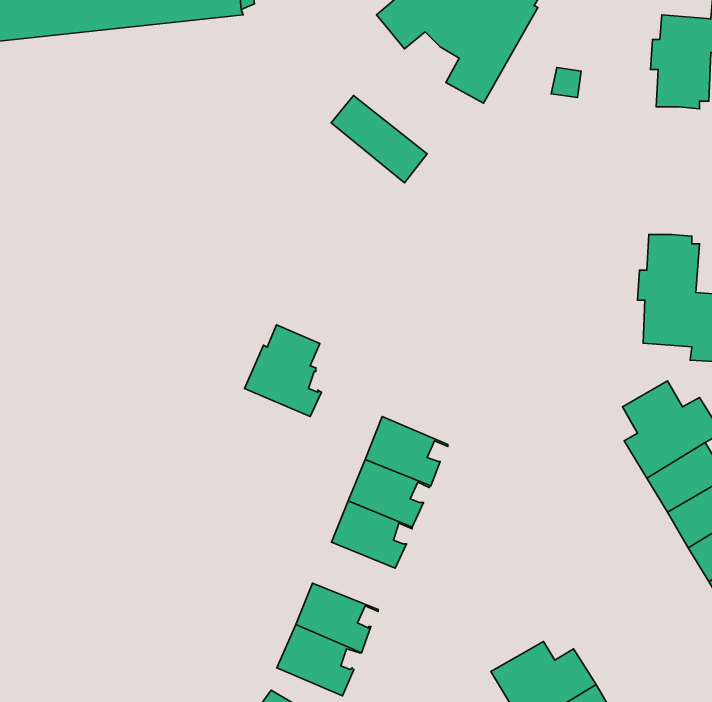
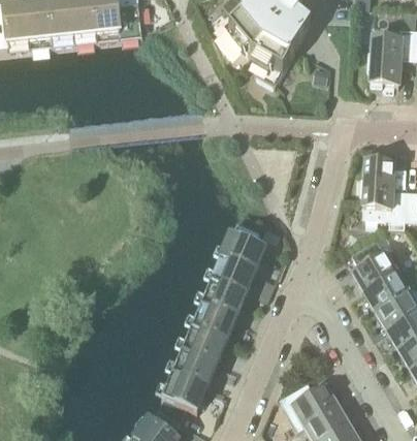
building: [331,96,427,183] -> none
building: [245,325,322,417] -> [220,222,262,273]
building: none -> [182,326,227,364]

